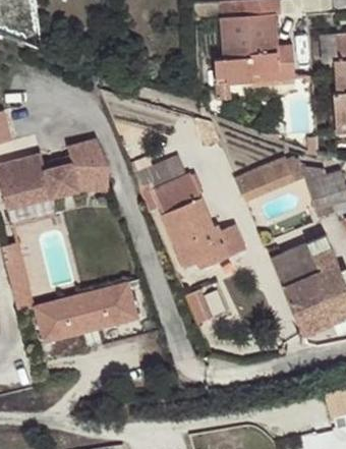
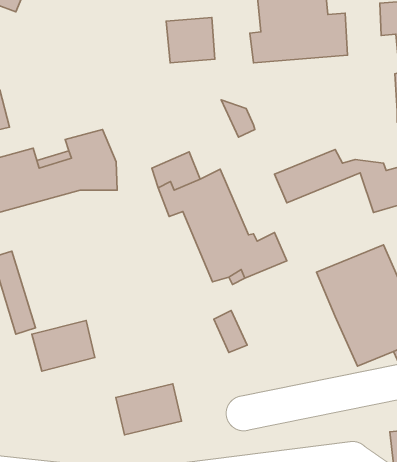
building: none -> [166,17,215,63]
building: [80,286,134,328] -> [116,384,181,435]

